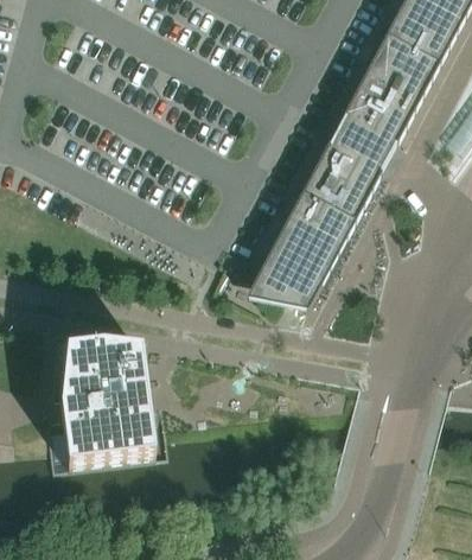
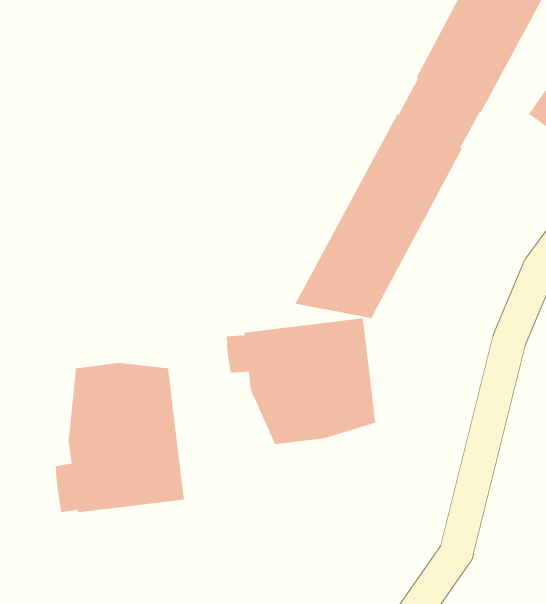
building: none -> [226,318,376,445]

